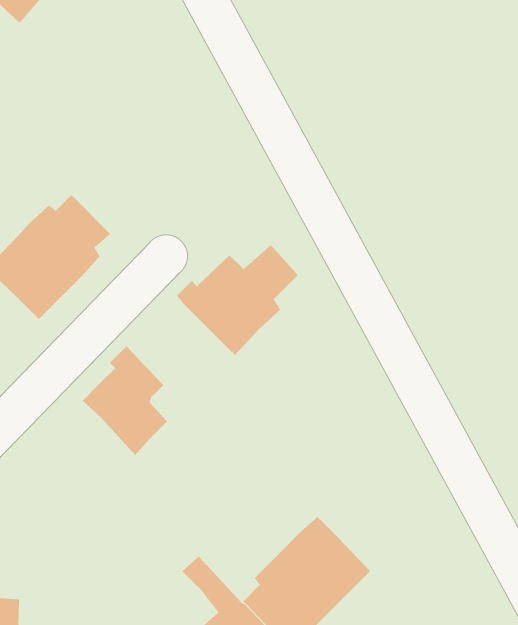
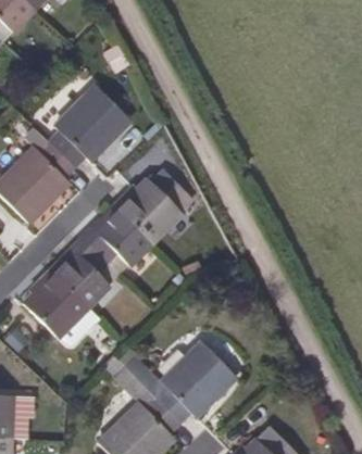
building: none -> [48,85,128,165]
building: none -> [83,209,151,264]
building: none -> [24,267,88,335]

